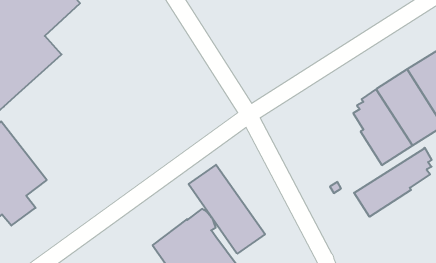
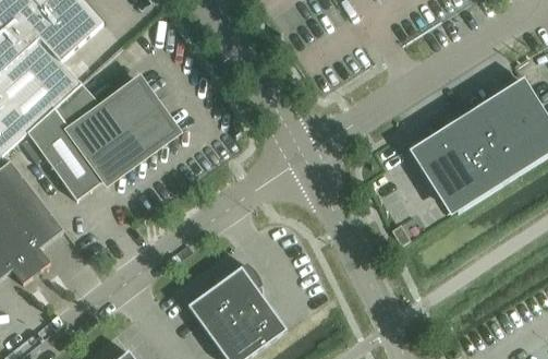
building: none -> [26,77,176,200]
building: [354,148,432,217] -> none
building: [189,165,265,254] -> none

